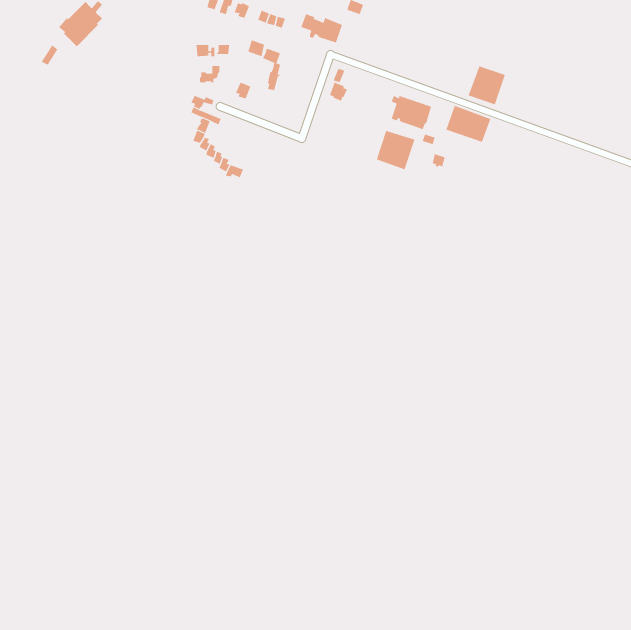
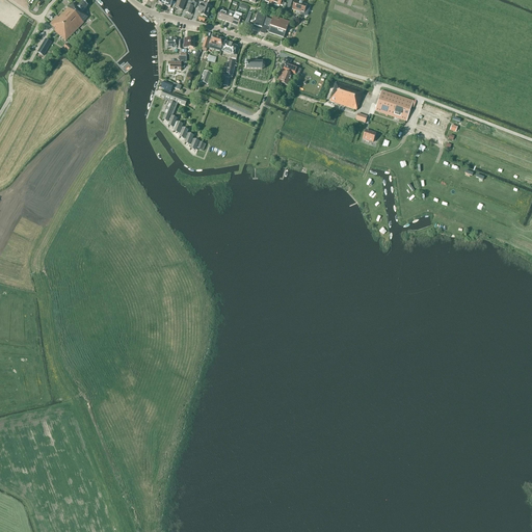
building: [468,66,505,105] -> none
building: [376,130,415,170] -> none

